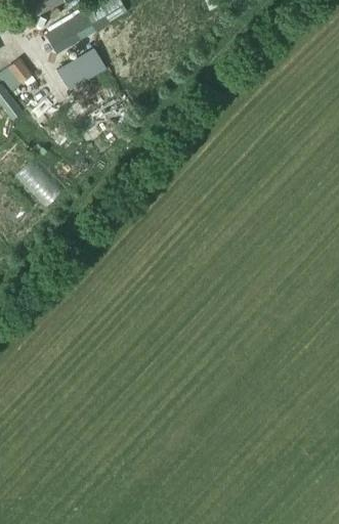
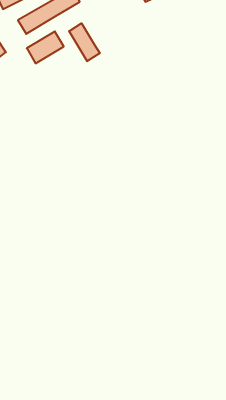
building: none -> [69,23,100,61]

